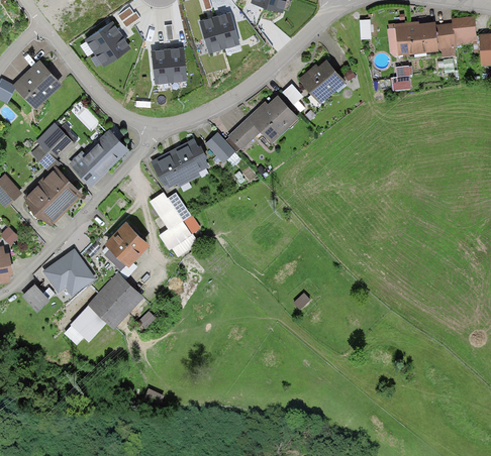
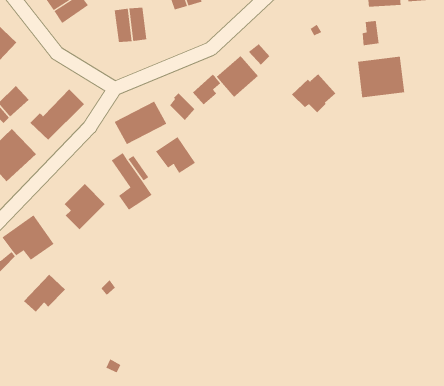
building: [299,59,342,97] -> [291,74,336,113]
building: none -> [358,56,405,98]
building: none -> [155,136,196,174]
building: [91,276,141,328] -> none

